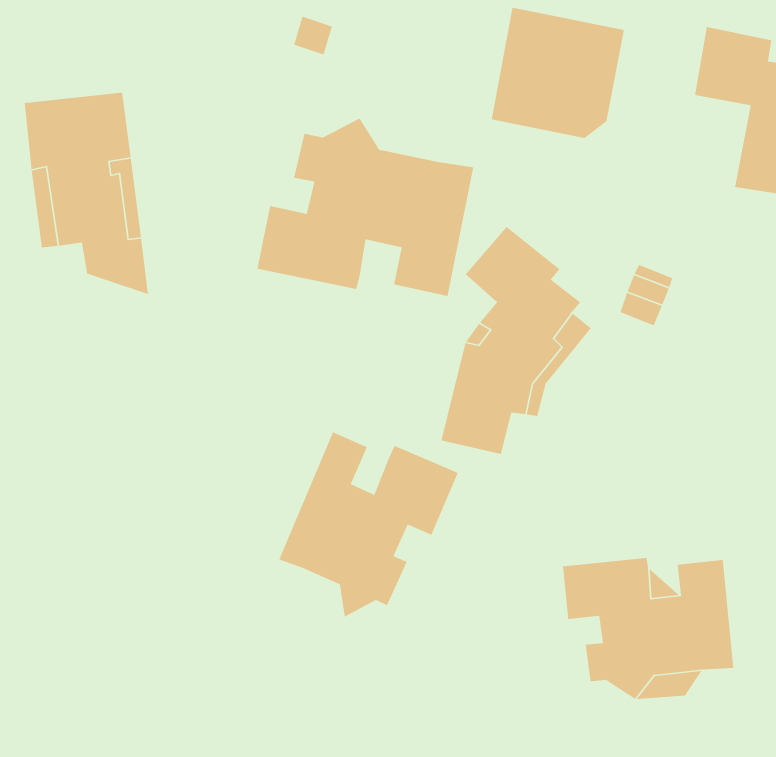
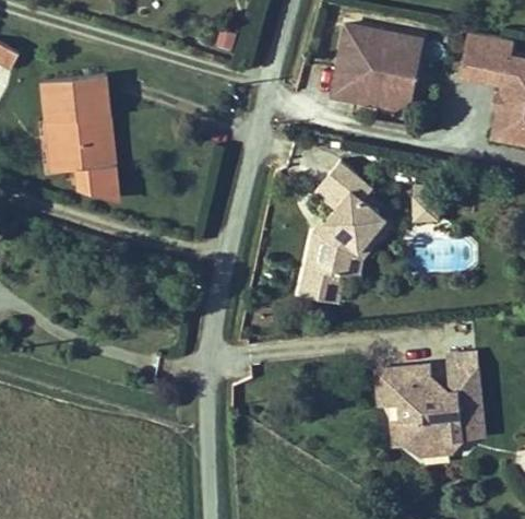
building: [257,118,474,297] -> none
building: [278,431,459,618] -> none

